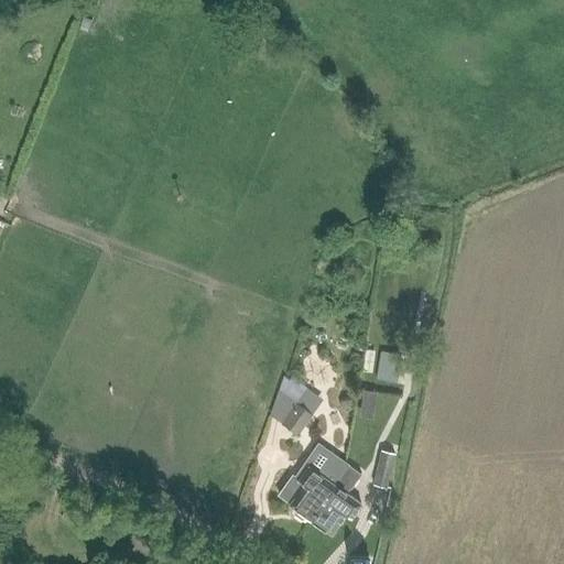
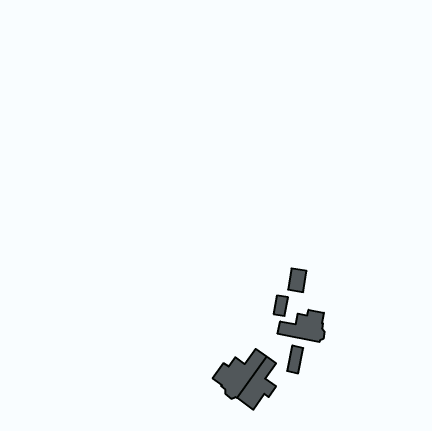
building: [271,380,321,432] -> none
building: none -> [278,310,324,342]

